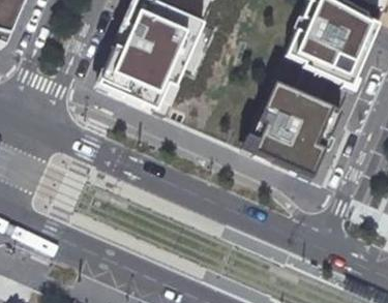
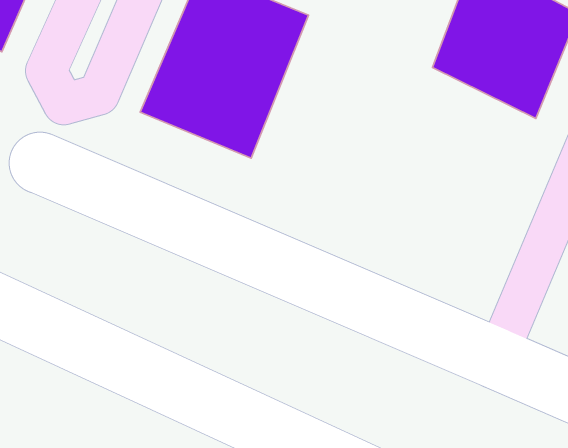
building: [246,80,344,174] -> none

